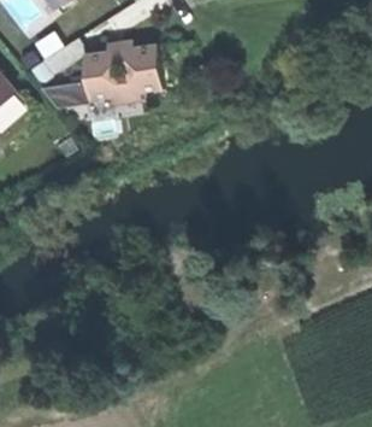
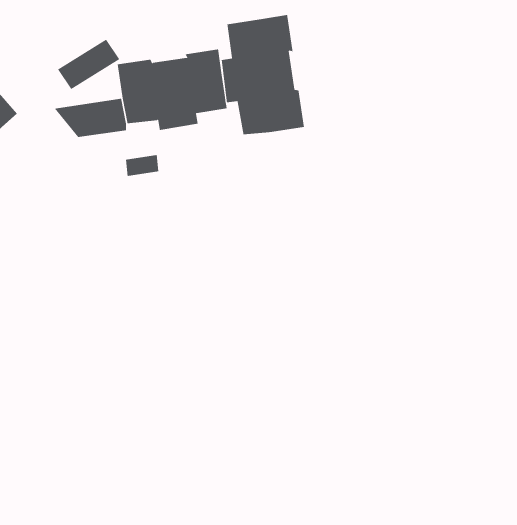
building: none -> [221,14,304,135]

